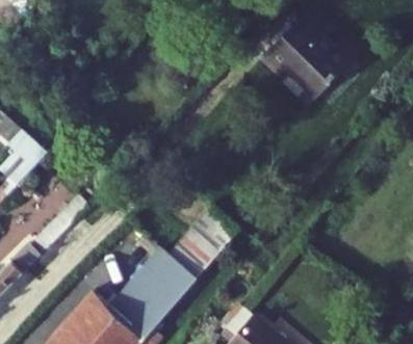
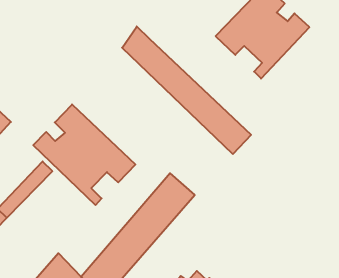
building: none -> [122,26,251,154]
building: none -> [33,104,135,205]

